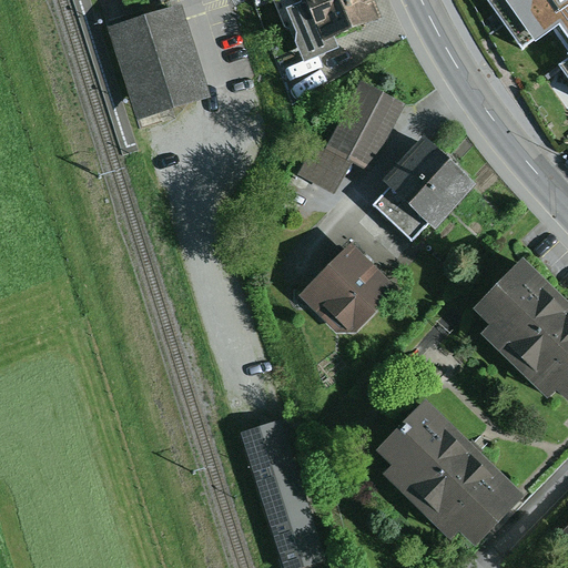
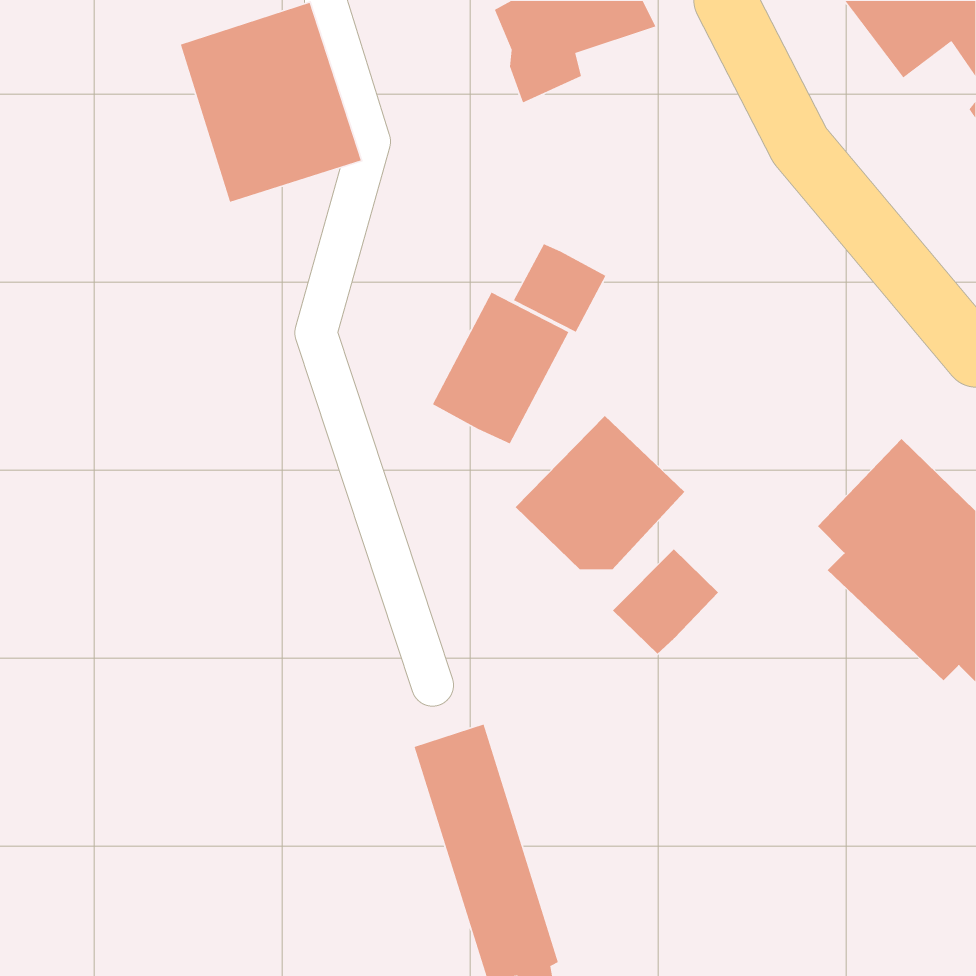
building: [325,81,405,170] -> [432,292,570,445]
building: [372,134,477,240] -> none
building: none -> [612,549,719,654]
building: [377,398,523,541] -> none

